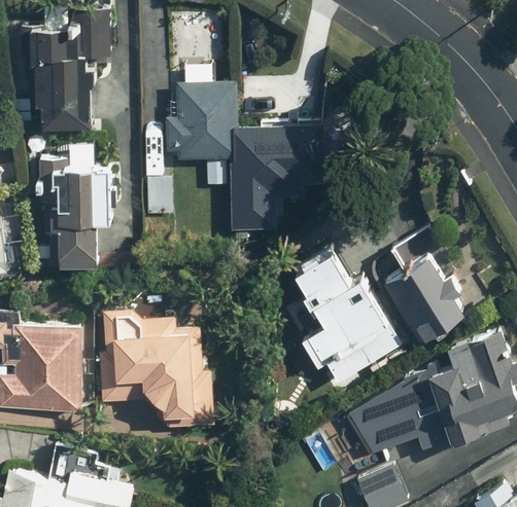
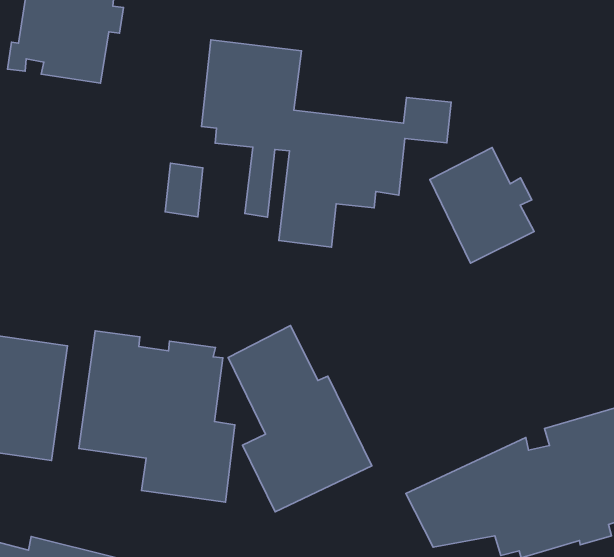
building: [22,139,110,266] -> none
building: [285,246,402,387] -> [228,326,372,512]
building: [383,254,466,342] -> [430,148,534,263]

